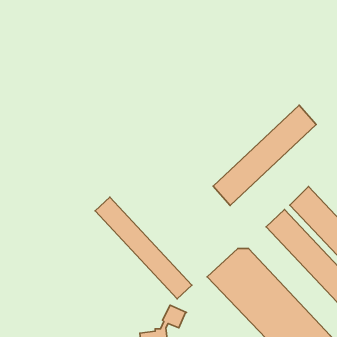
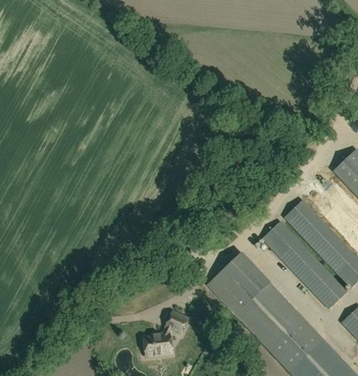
building: [213,105,316,206] -> none
building: [95,197,192,299] -> none

